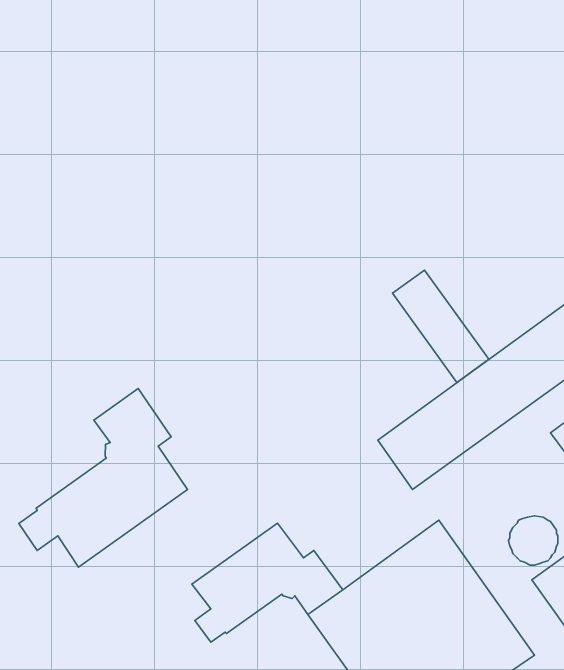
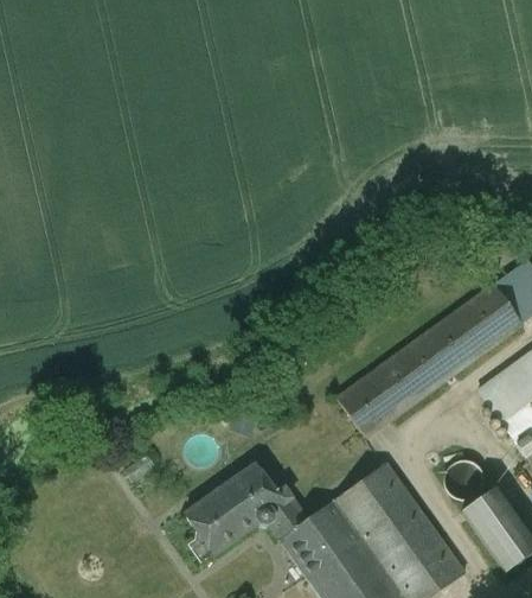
building: [392,270,489,382] -> none
building: [19,388,187,567] -> none

